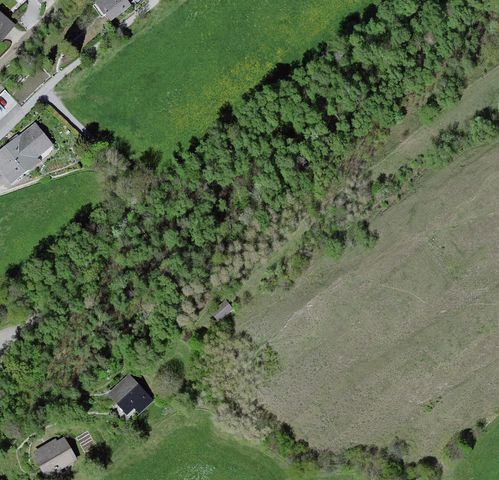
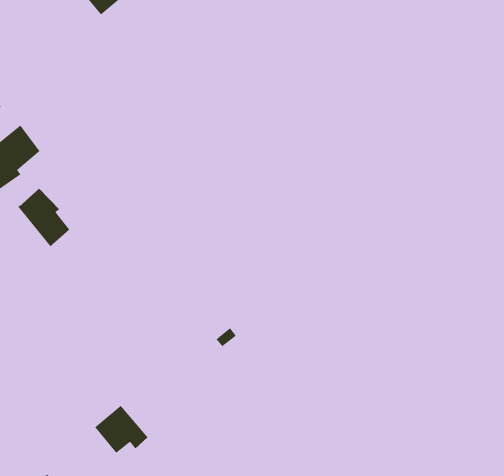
building: none -> [17,188,70,247]

